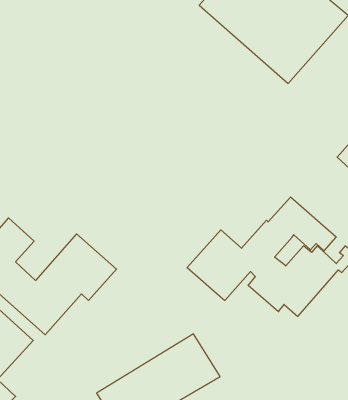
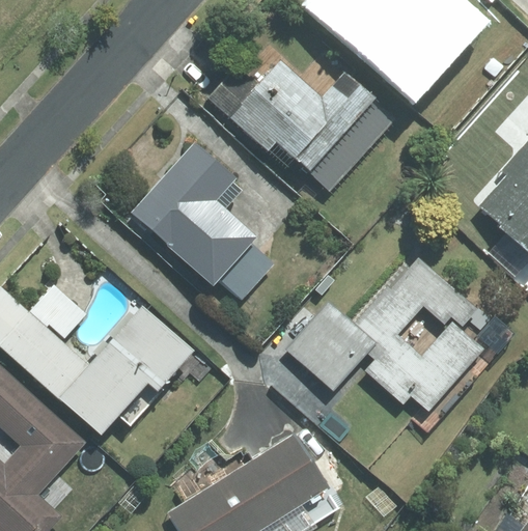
building: none -> [204,58,394,191]
building: none -> [130,141,275,301]

